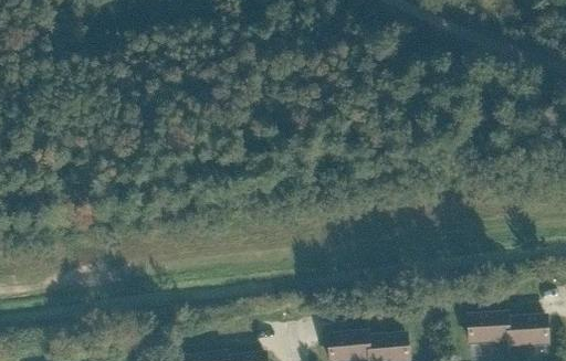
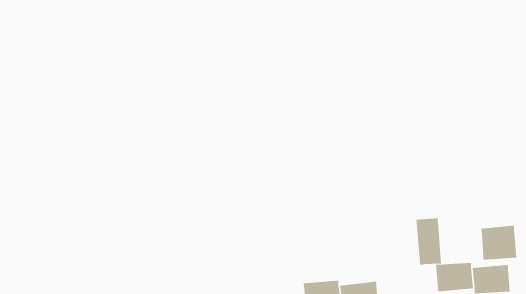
building: none -> [416,217,442,266]
building: none -> [481,225,517,260]

